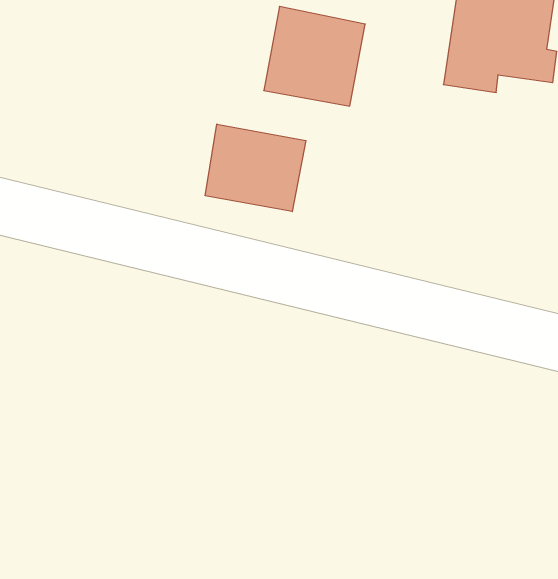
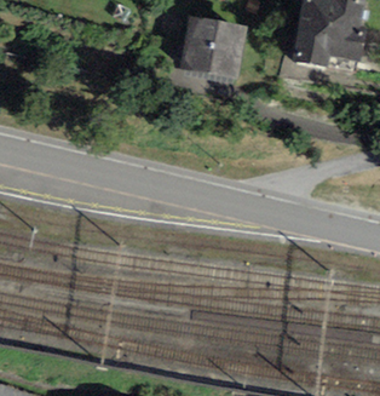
building: [205,124,306,212] -> none

